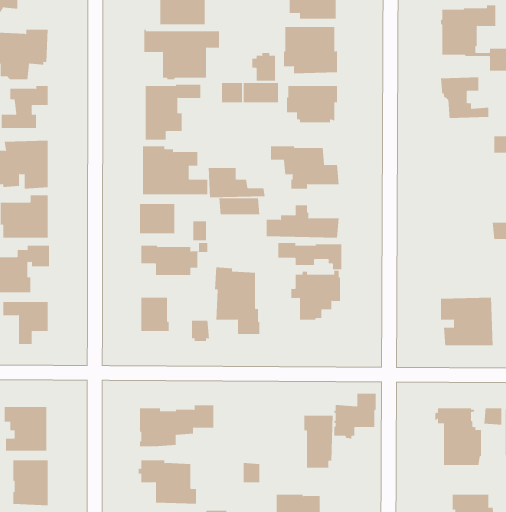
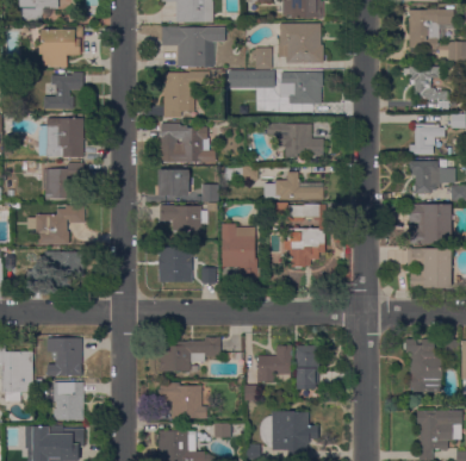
building: none -> [409,124,445,155]
building: [208,168,265,198] -> [254,87,302,112]
building: none -> [409,161,455,193]
building: none -> [409,203,455,244]
building: [333,393,377,439] -> [256,345,292,384]

